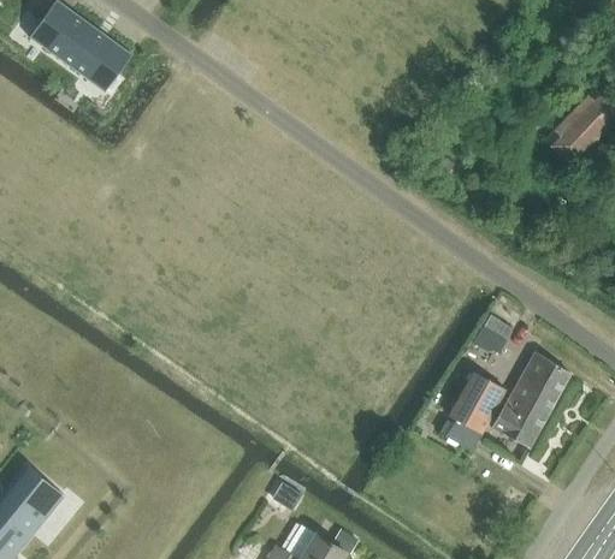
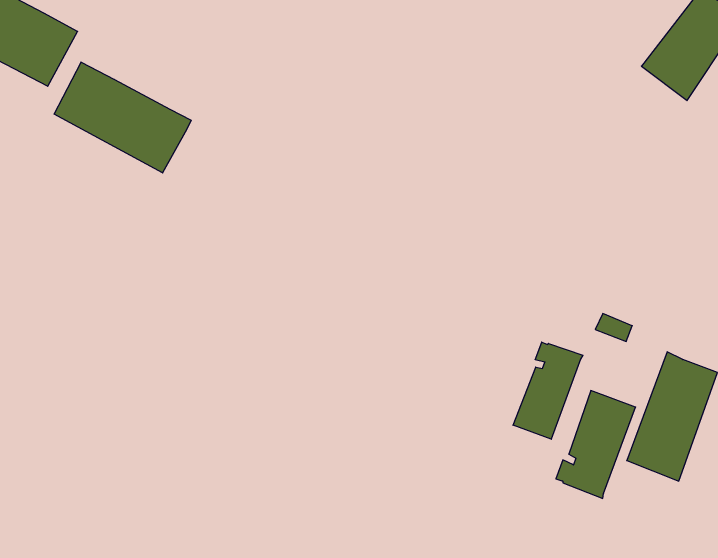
building: none -> [54,62,191,173]
building: none -> [513,342,583,439]

